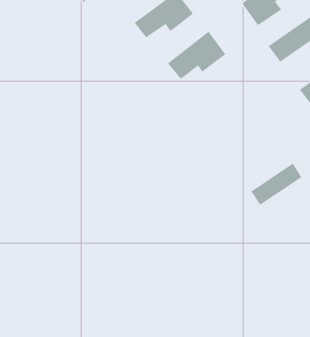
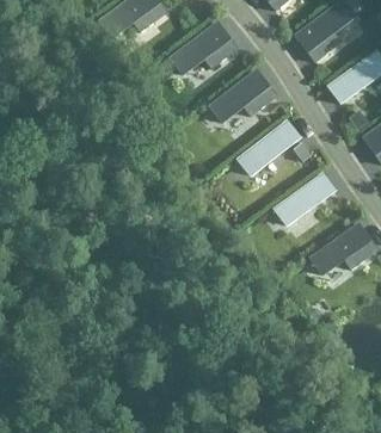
building: none -> [241,122,301,175]
building: none -> [274,172,338,227]

